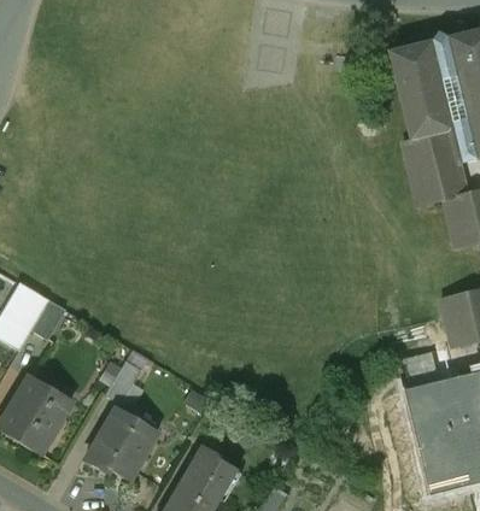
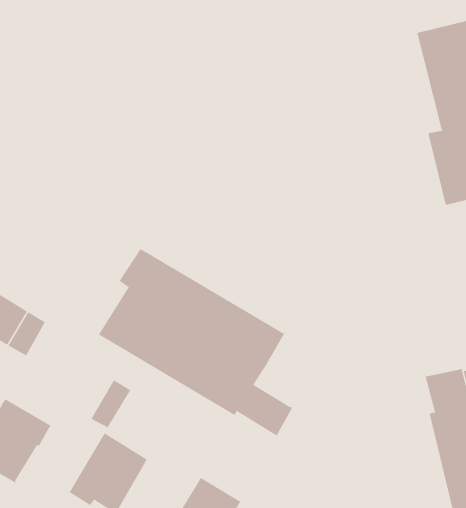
building: none -> [98,248,293,437]

